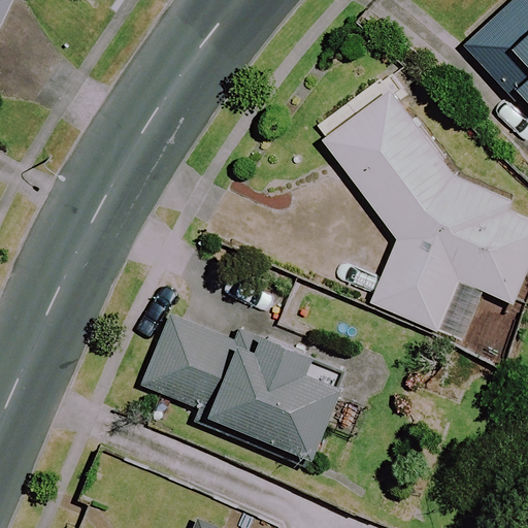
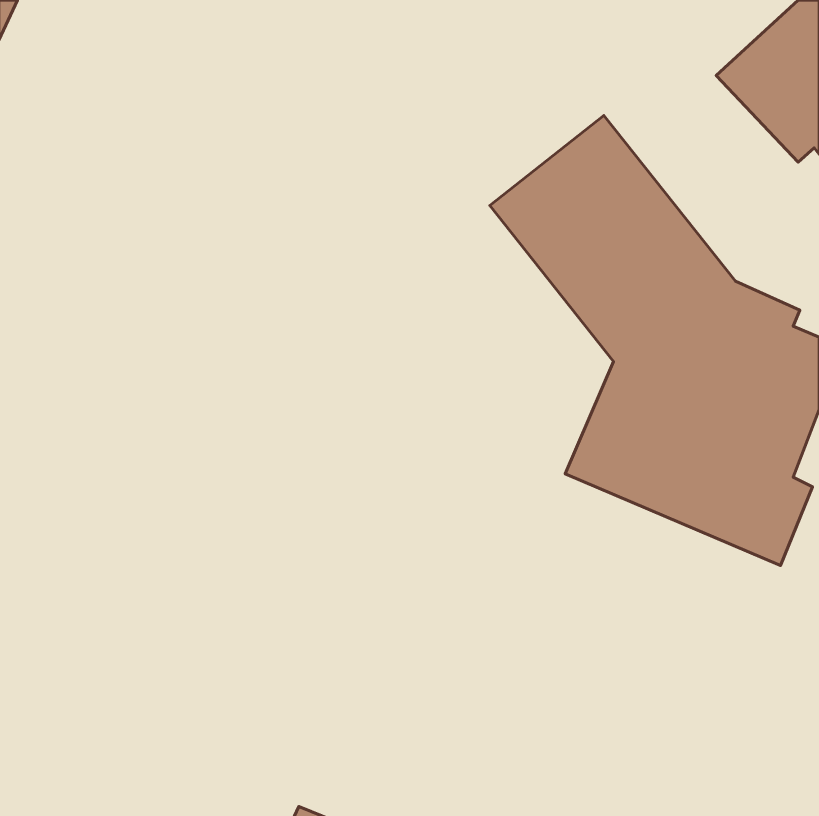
building: [145,295,352,460] -> none

